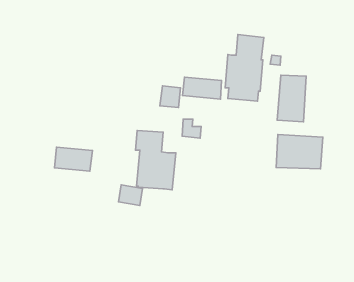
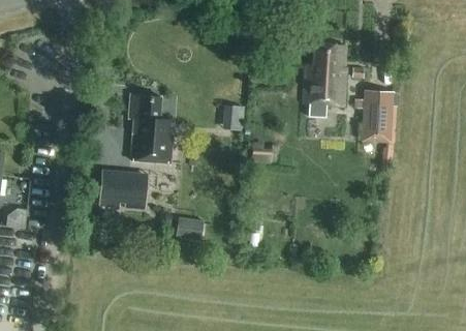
building: [182,77,222,99] -> none
building: [135,130,176,190] -> [130,96,177,164]
building: [276,134,323,169] -> none

